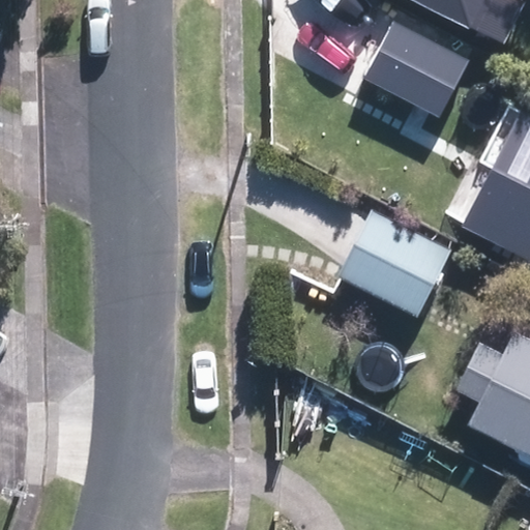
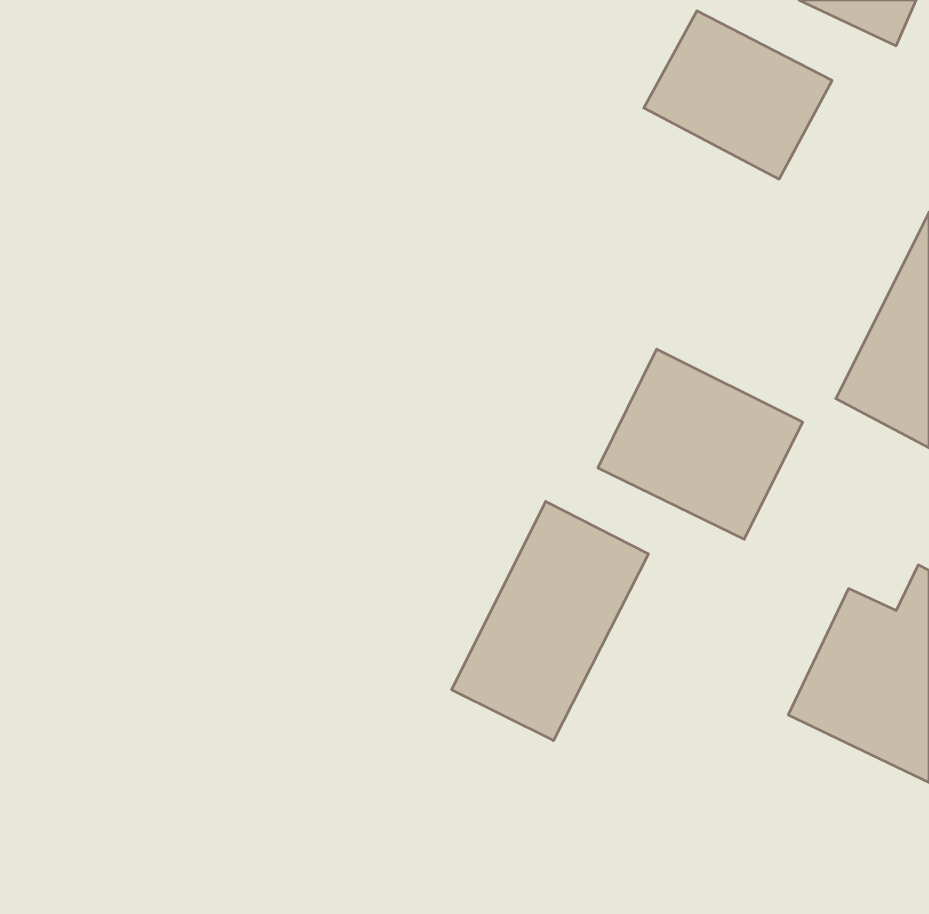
building: none -> [452,501,648,741]

